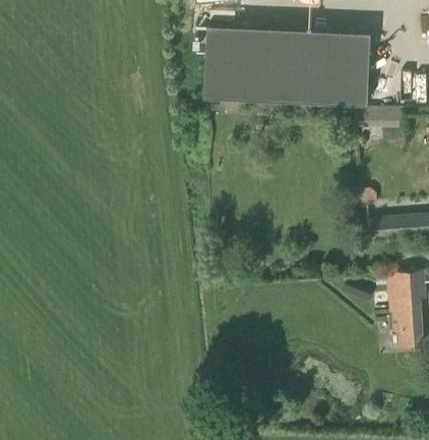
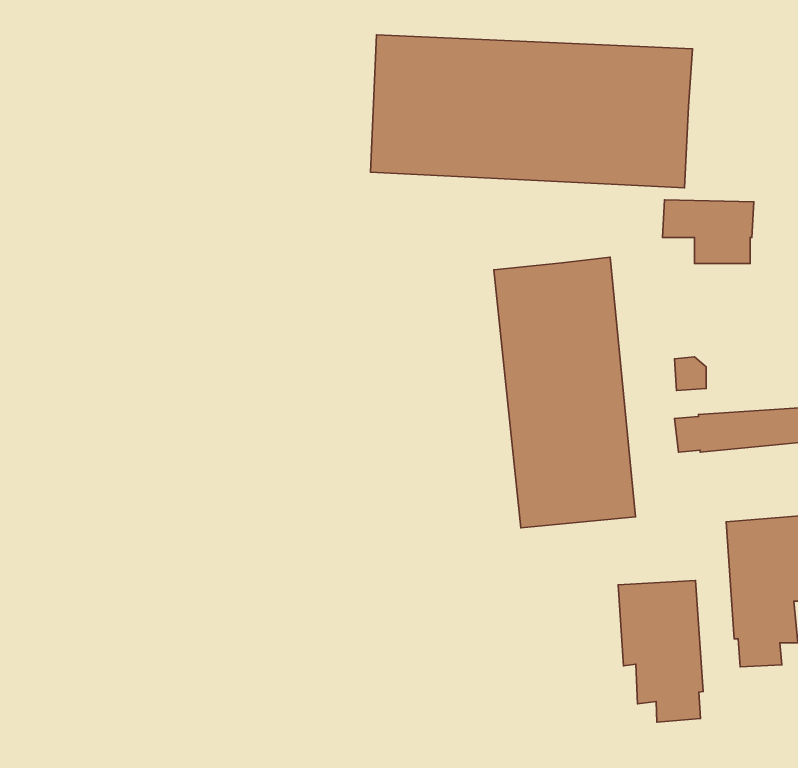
building: none -> [494,257,635,528]
building: none -> [618,581,703,722]

